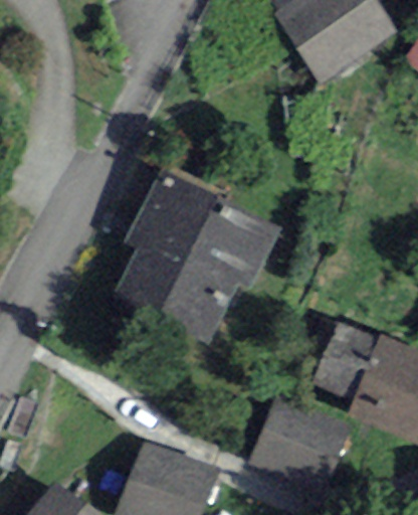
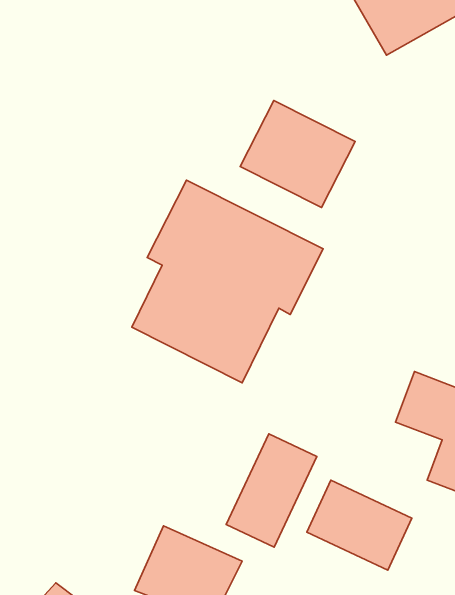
building: none -> [240,101,355,208]
building: none -> [226,434,317,547]

